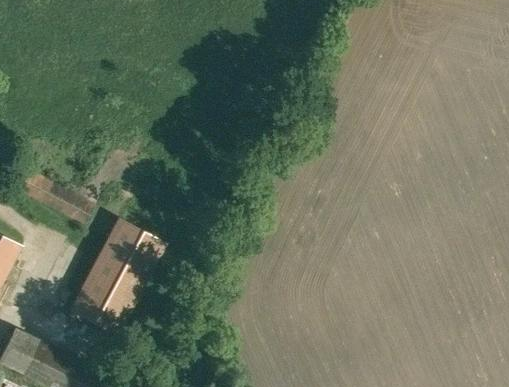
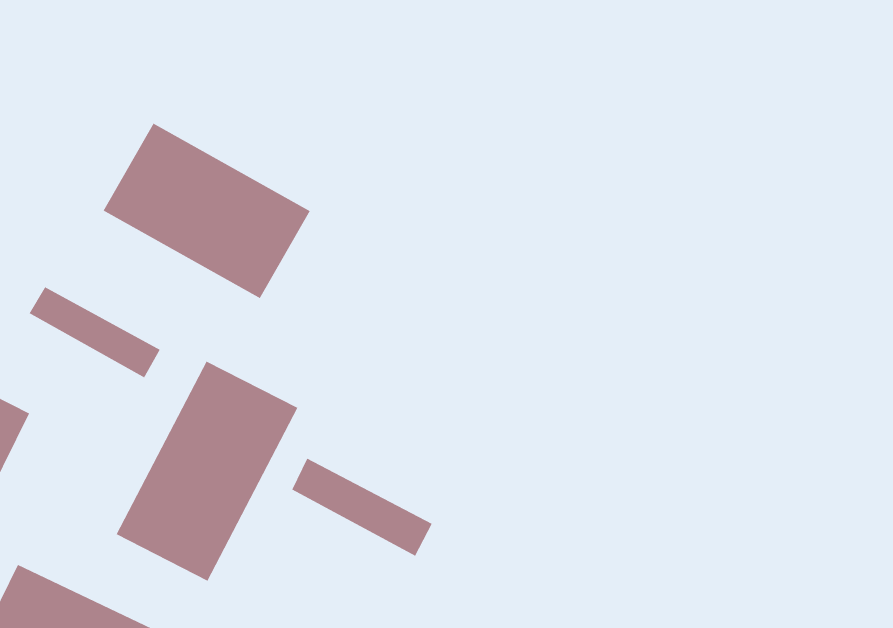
building: none -> [103,122,311,299]
building: none -> [291,458,433,557]

